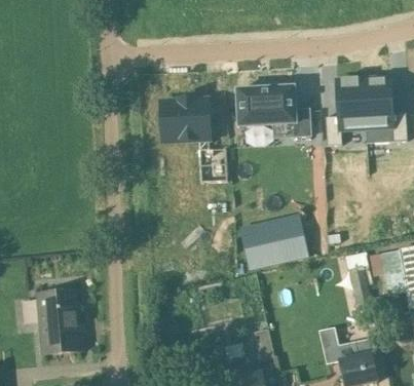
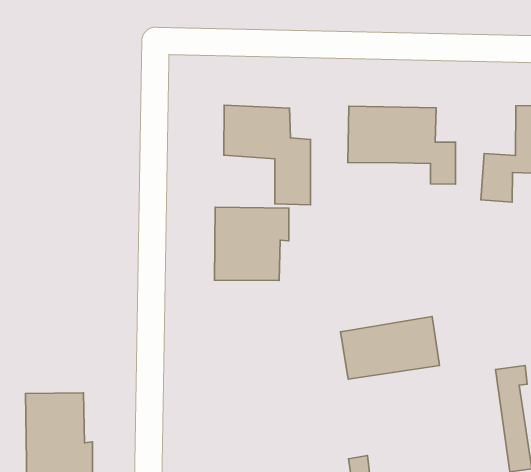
building: none -> [215,207,289,280]

